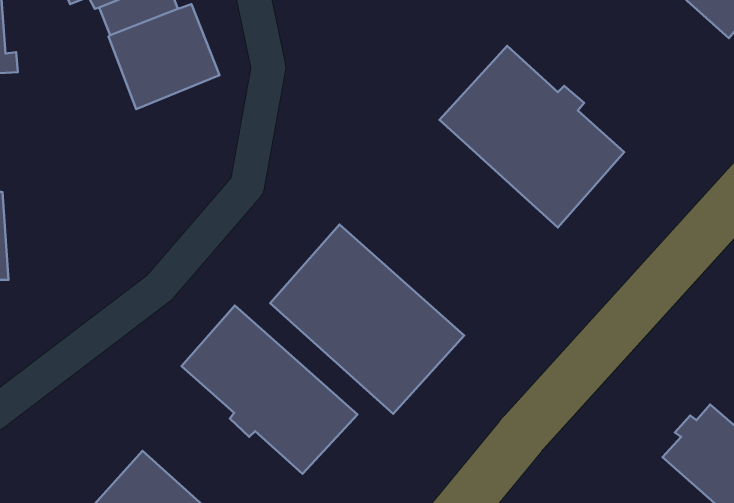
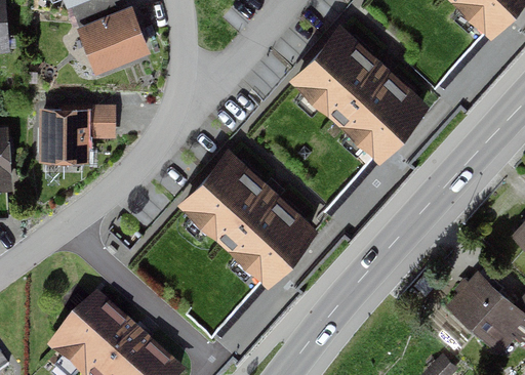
building: none -> [37,105,115,162]
building: [182,305,358,474] -> none

